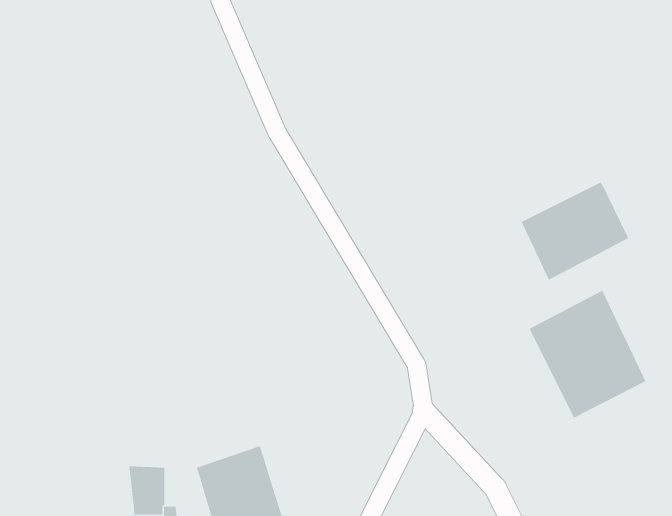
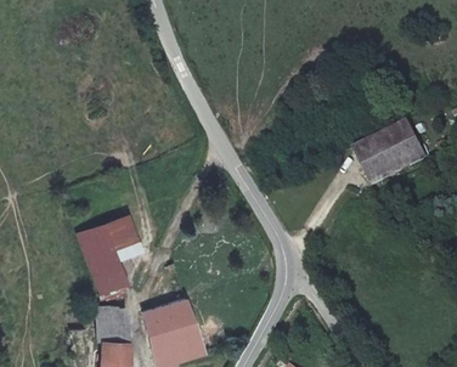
building: [529,290,646,419] -> none
building: none -> [78,211,135,292]

